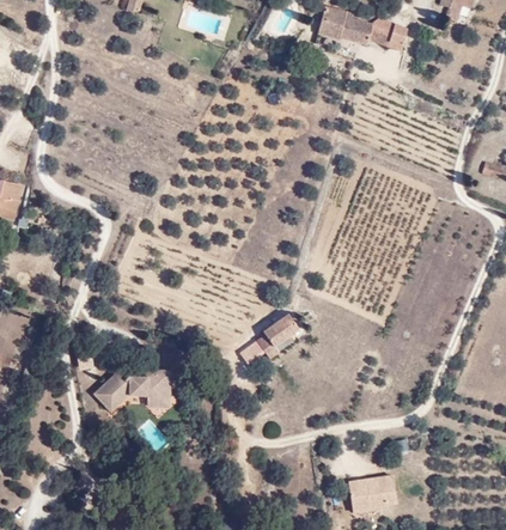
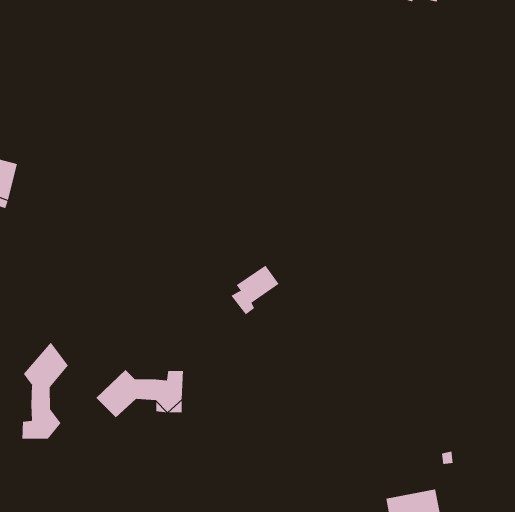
building: [256,312,299,357] -> [230,265,279,315]
building: none -> [22,342,69,439]

